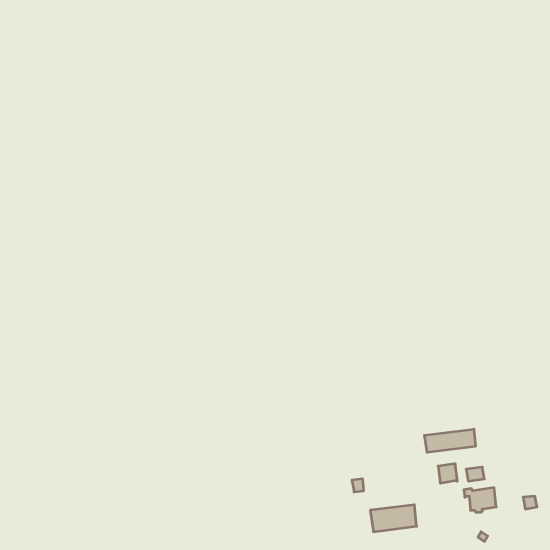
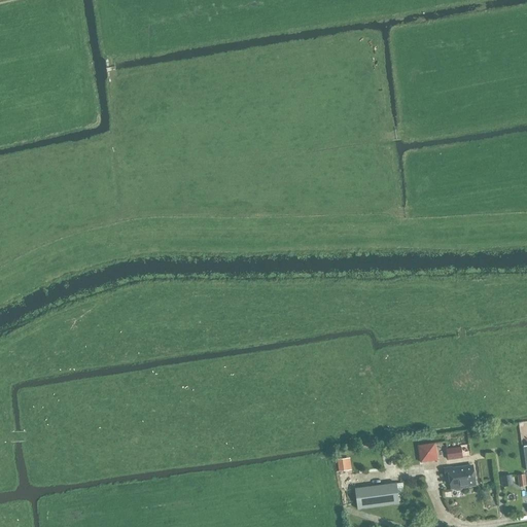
building: [424,429,475,452] -> none

